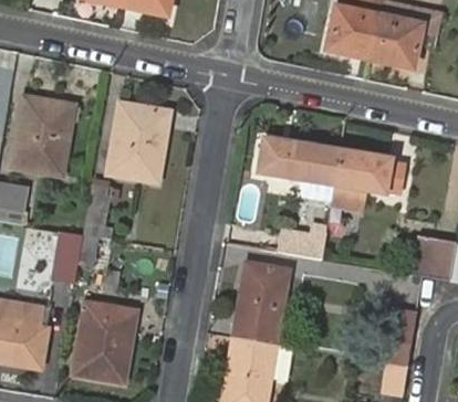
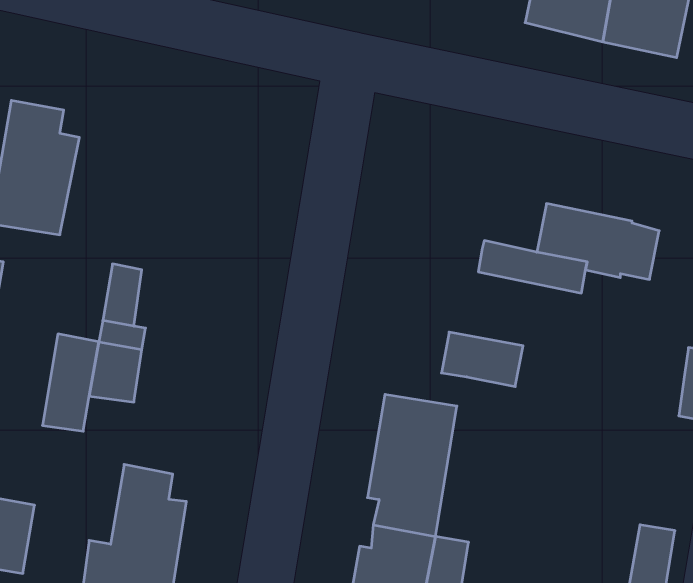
building: [108,103,168,177] -> none
building: [267,140,339,180] -> none

